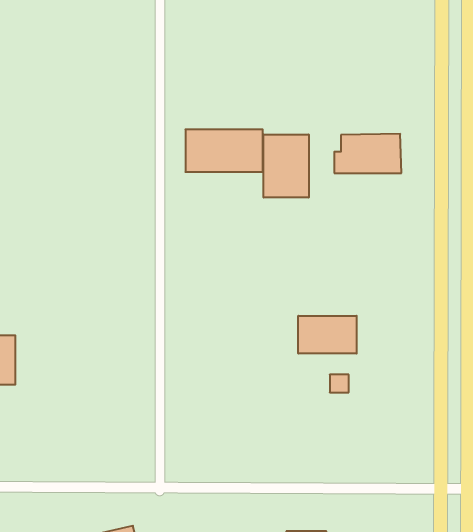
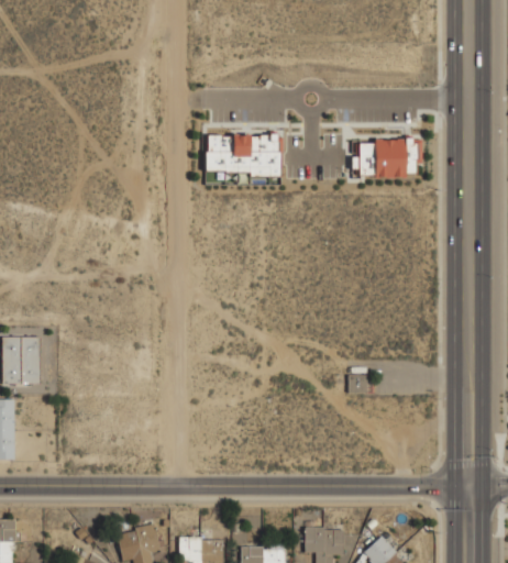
building: [264,134,309,198] -> none
building: [298,316,357,354] -> none

